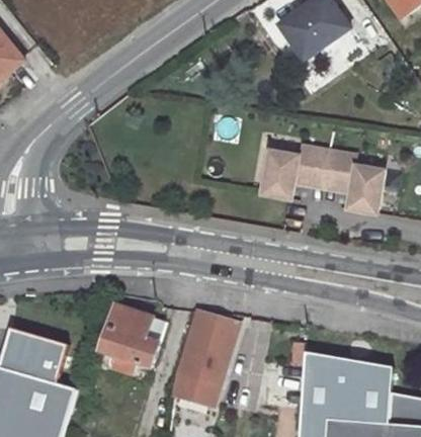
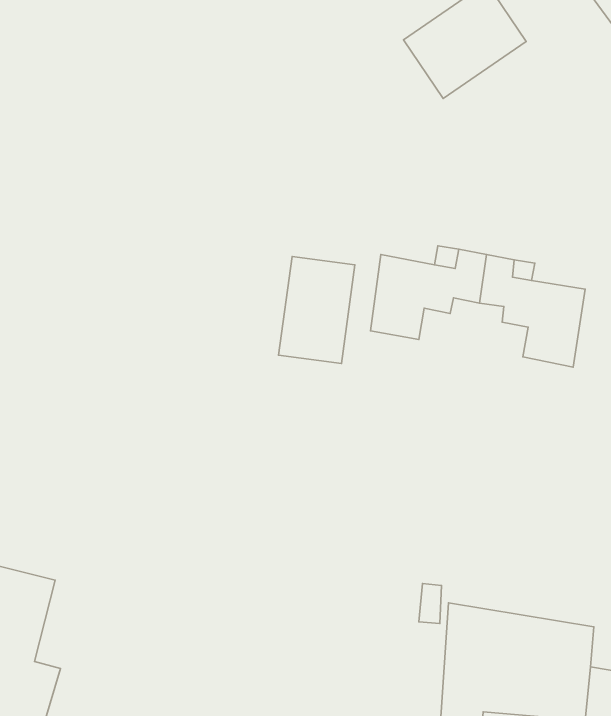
building: none -> [279,257,355,363]
building: [98,307,163,373] -> none
building: [173,312,234,406] -> none

